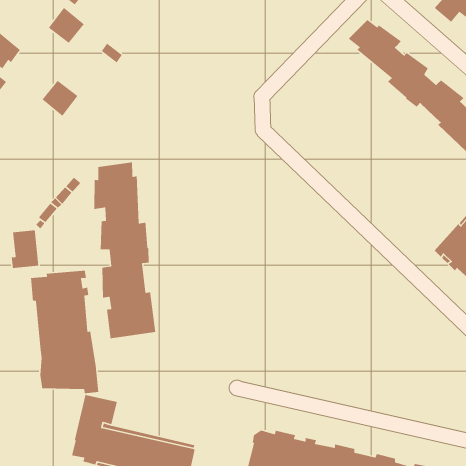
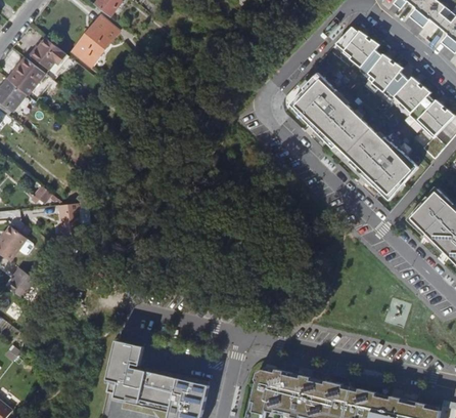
building: none -> [290,73,418,201]
building: [42,80,78,117] -> [73,34,103,65]
building: [93,161,156,339] -> none
building: [30,270,99,394] -> none

